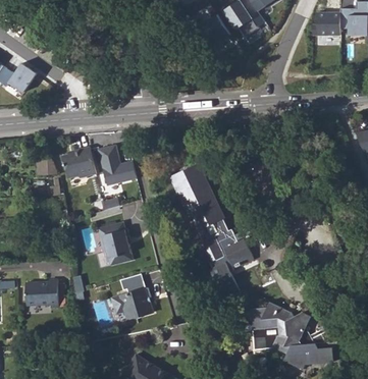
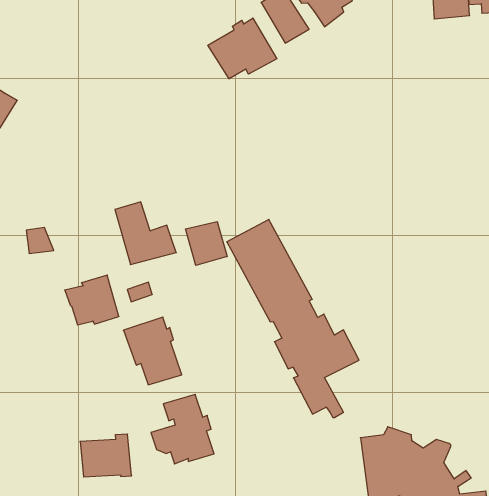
building: none -> [208,18,277,79]
building: [63,148,98,179] -> [65,275,119,325]
building: none -> [186,222,227,265]
building: [24,279,57,307] -> [80,434,132,477]

